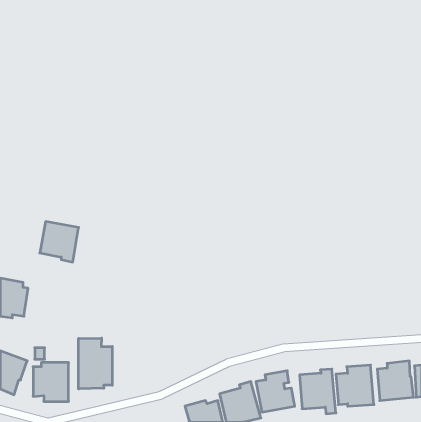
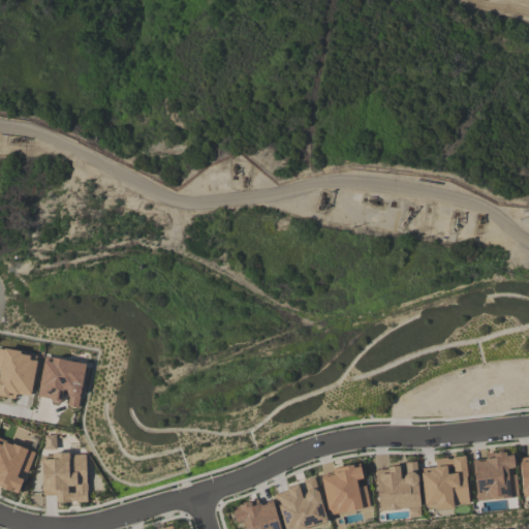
building: [40,222,79,262] -> [37,357,86,408]
building: [79,338,112,389] -> none

